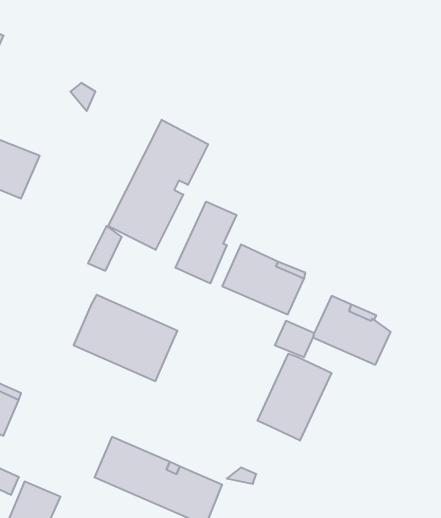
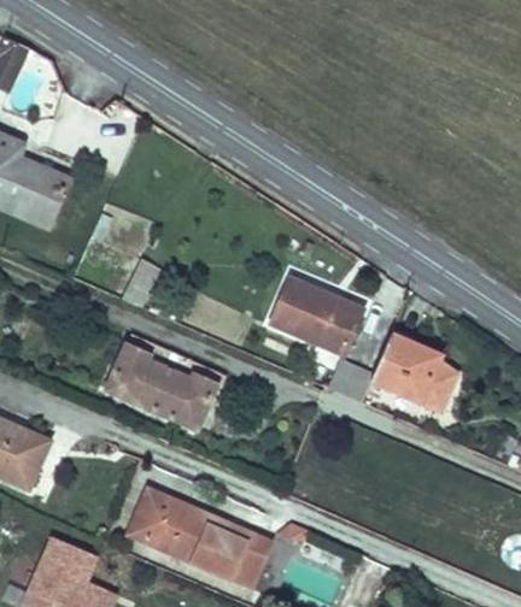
building: [108,120,208,250] -> none
building: [176,202,236,283] -> none
building: [258,354,331,441] -> none

